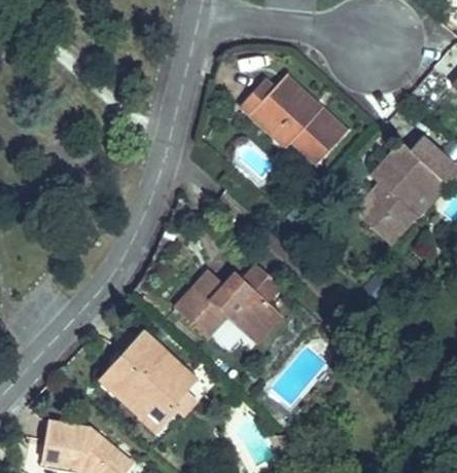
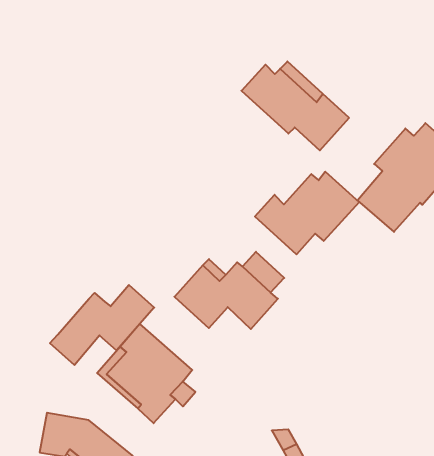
building: none -> [255,172,359,254]
building: none -> [50,285,154,365]

